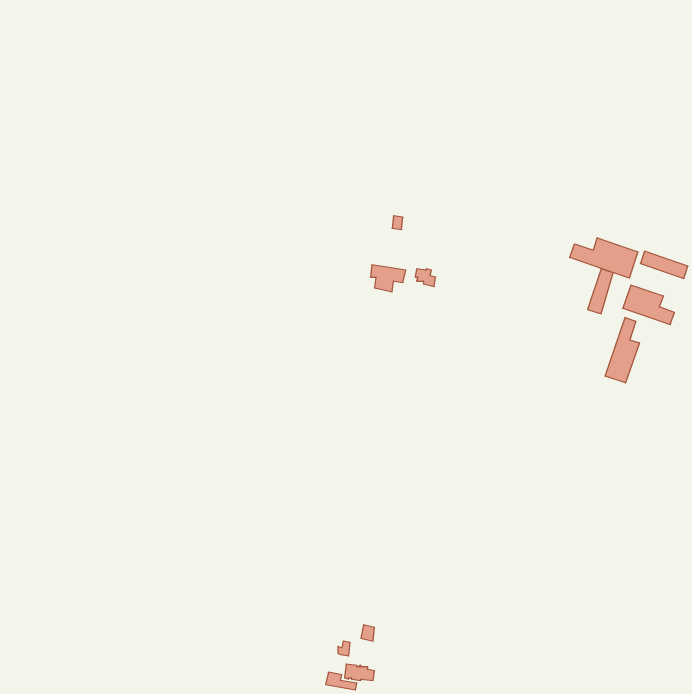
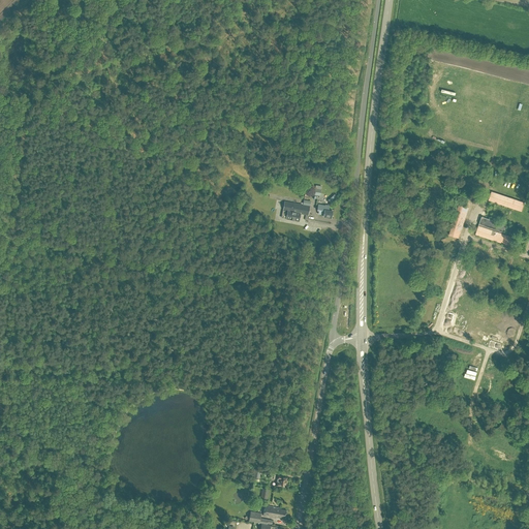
building: [570,238,638,278] -> none
building: [605,317,639,383] -> none

